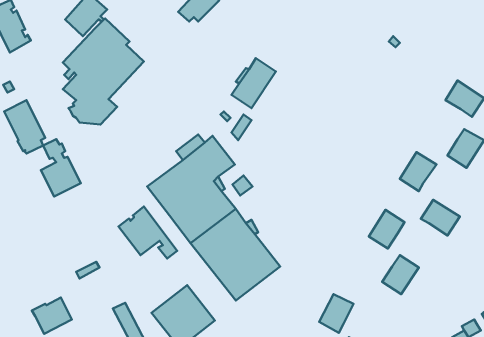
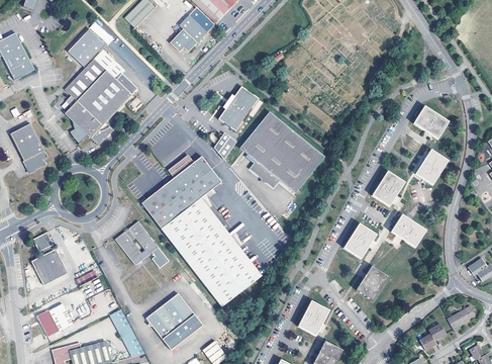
building: none -> [239,111,325,192]
building: [41,139,81,197] -> [31,233,68,285]

